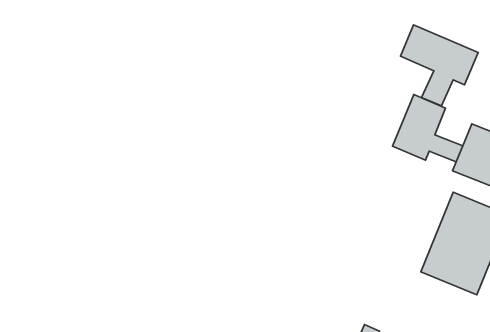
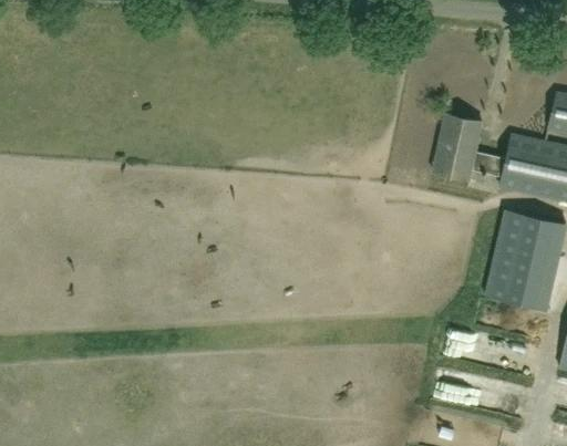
building: [401,25,478,106] -> none

